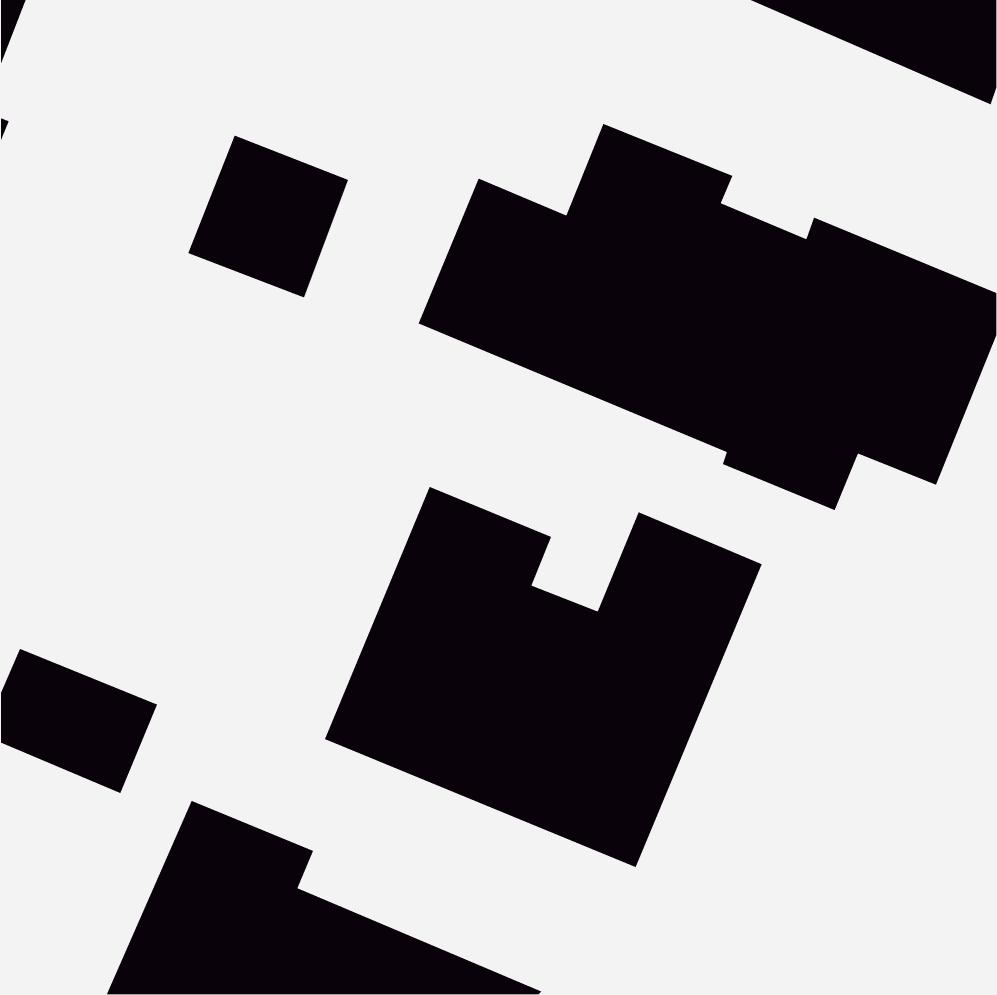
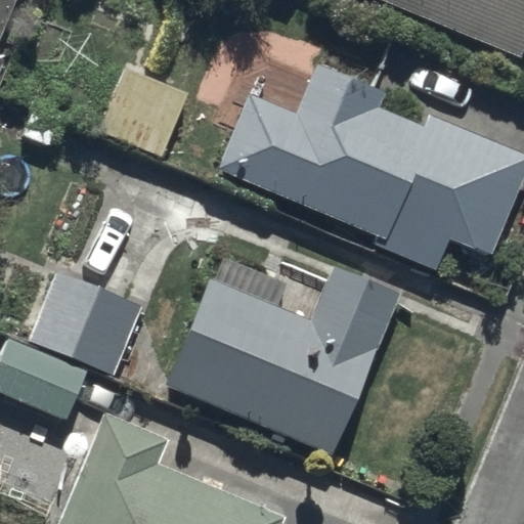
building: none -> [29,278,139,376]

